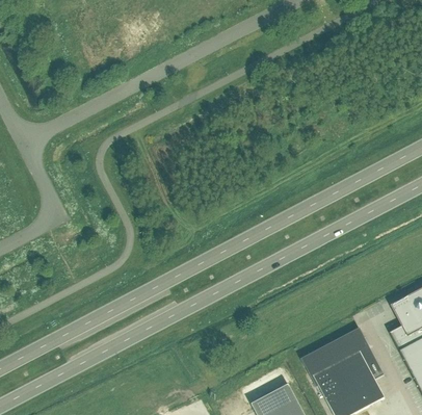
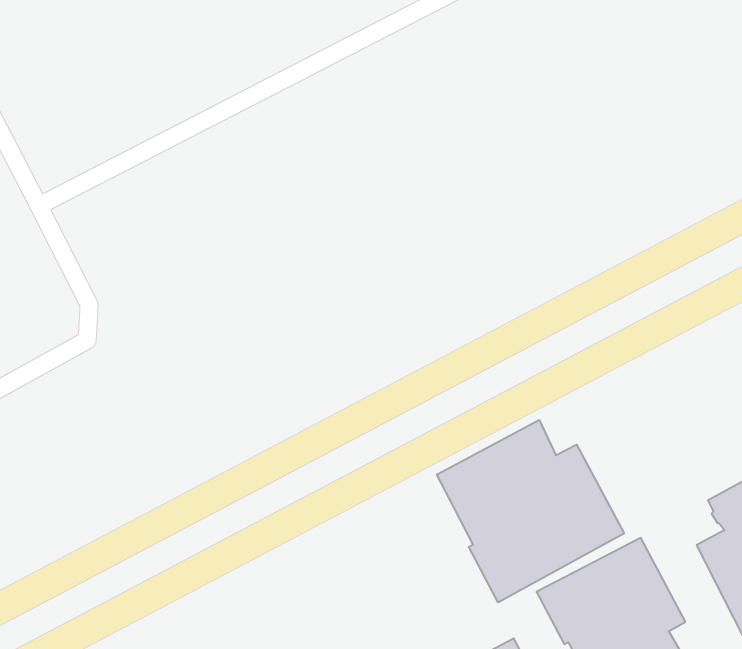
building: none -> [437,420,624,602]

